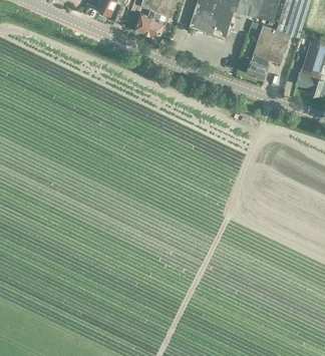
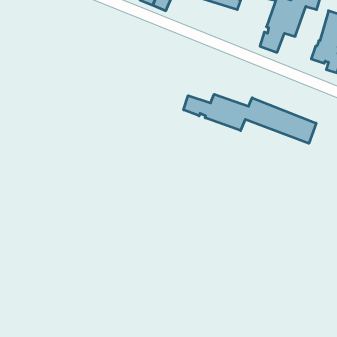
building: none -> [184,94,316,143]

